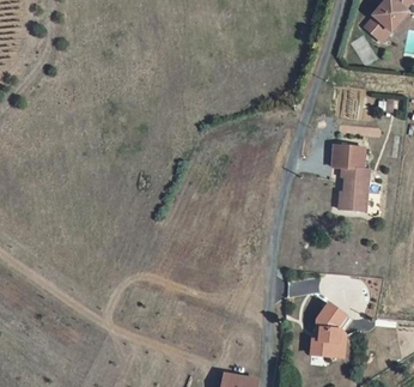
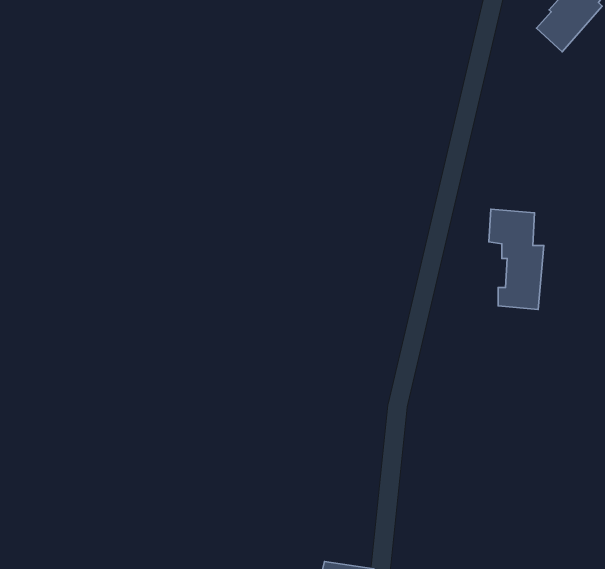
building: [309,304,347,358] -> none

